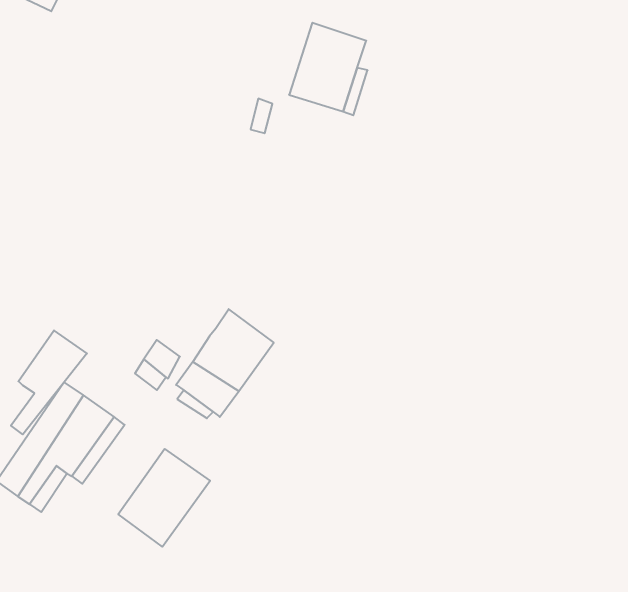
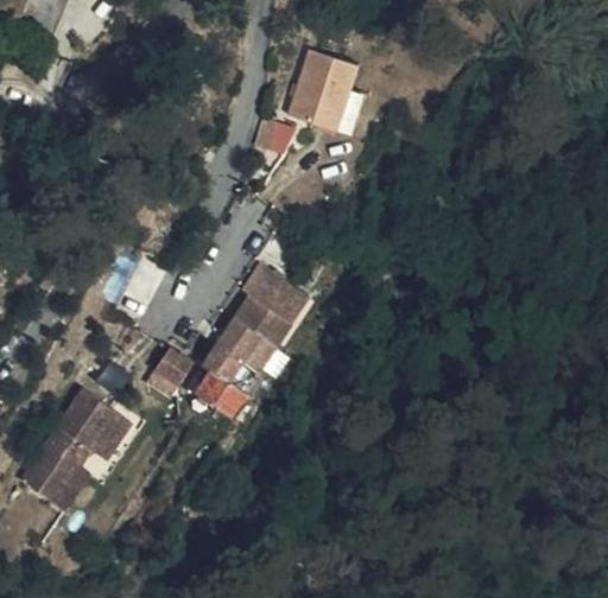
building: none -> [234,263,309,346]
building: [11,330,87,434] -> none
building: [118,449,210,547] -> none

